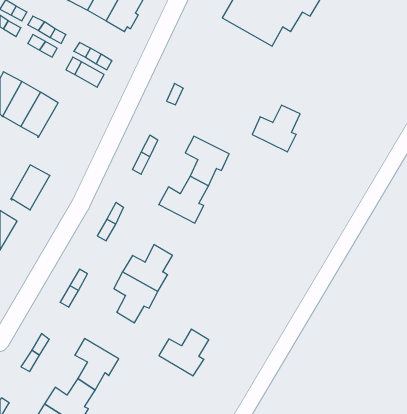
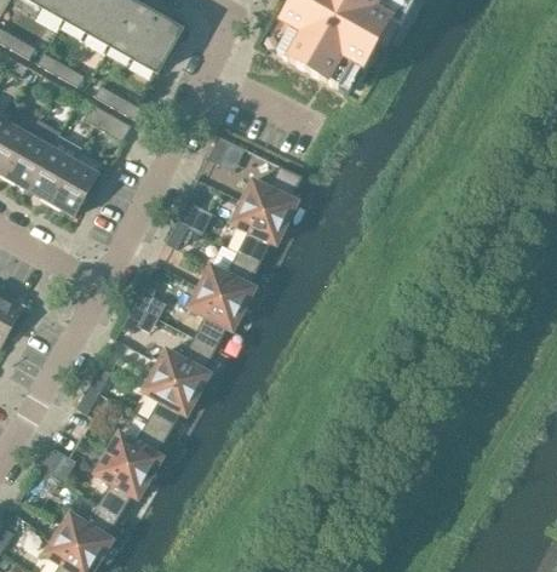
building: [252,105,300,152] -> [243,165,303,223]
building: [11,165,50,210] -> [51,160,99,216]
building: none -> [189,286,245,349]
building: [159,329,209,376] -> [108,419,170,477]

